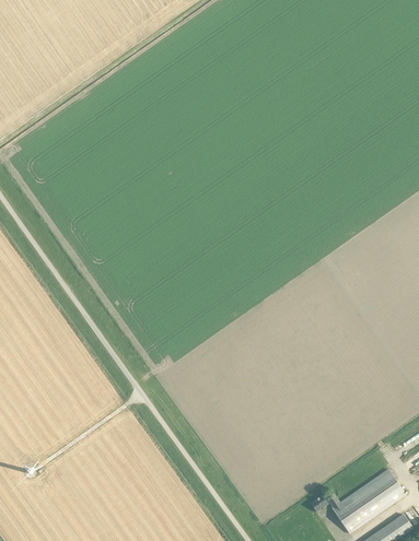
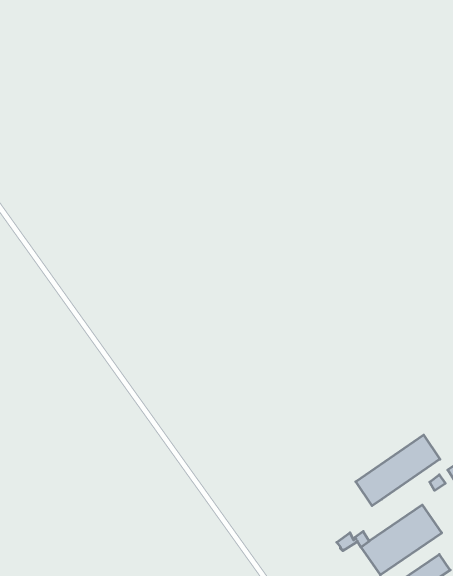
building: none -> [356,435,440,506]

